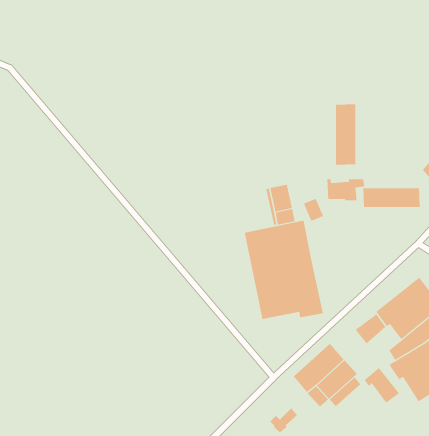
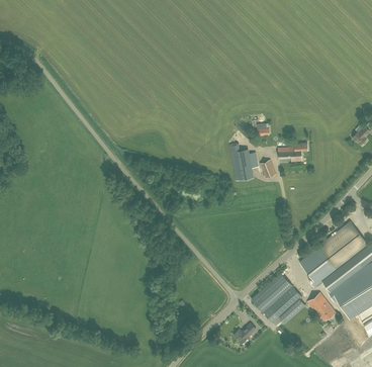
building: [335,103,356,166] -> none
building: [363,188,420,208] -> none
building: [244,220,324,320] -> none
building: none -> [308,258,337,286]

